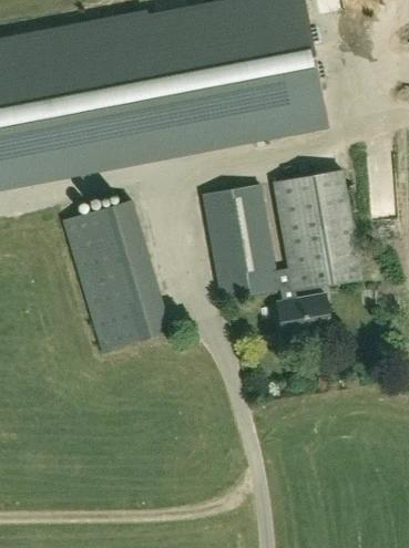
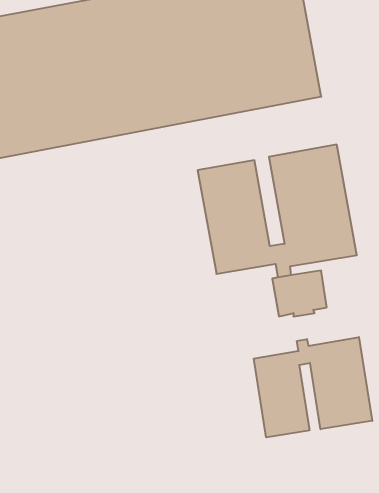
building: [63,197,171,351] -> none
building: none -> [254,337,372,437]

